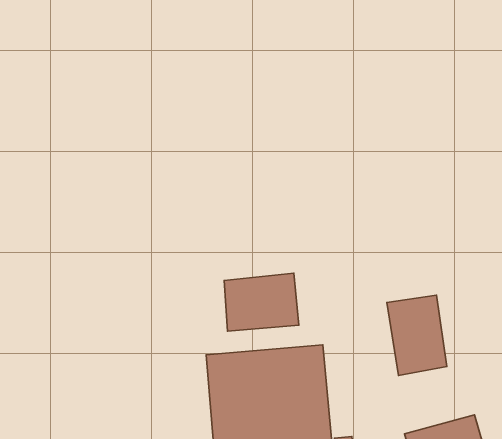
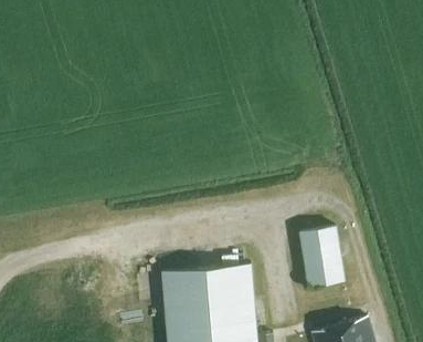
building: [224,273,299,331] -> none

